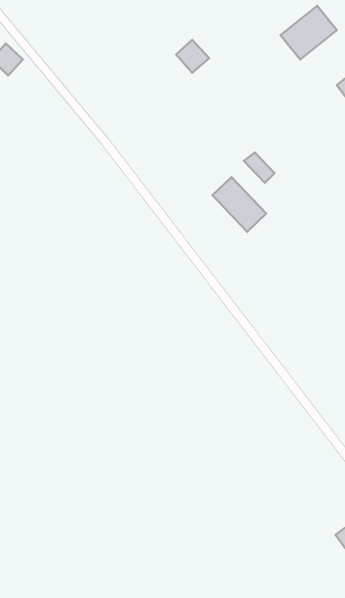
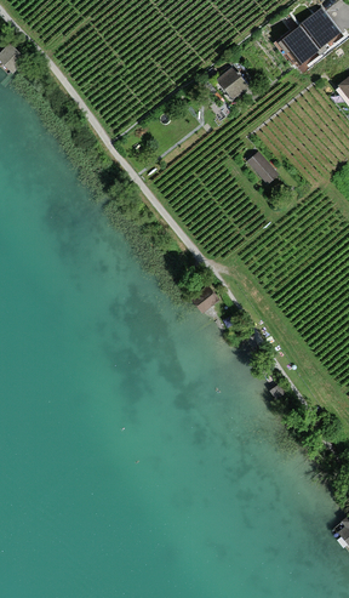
building: [176,40,209,73] -> [216,67,248,99]
building: [212,177,266,232] -> none

